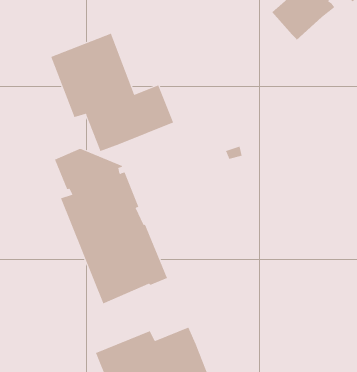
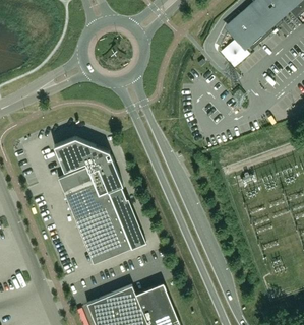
building: [51,33,174,152] -> none

